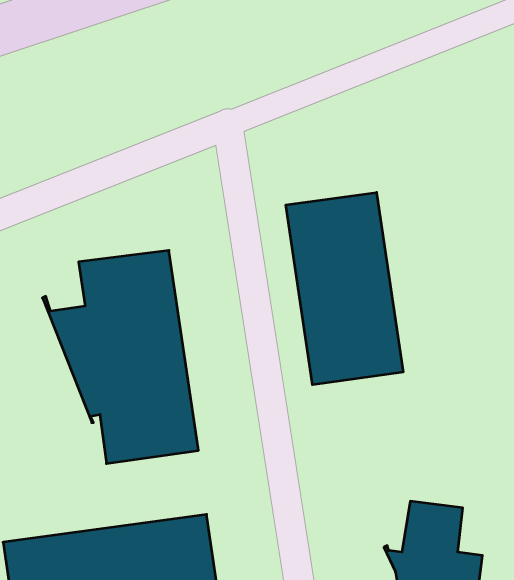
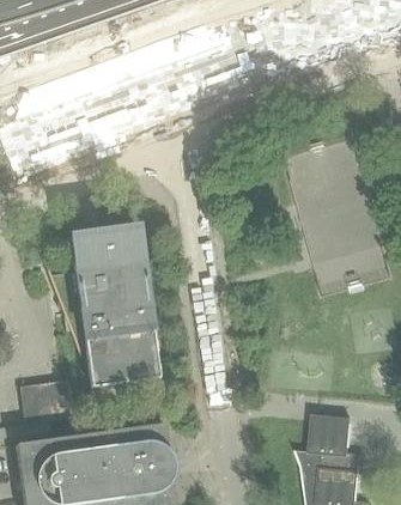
building: [286,192,403,385] -> none
building: none -> [19,381,59,408]

